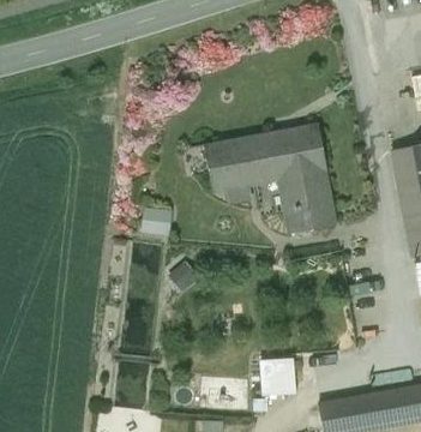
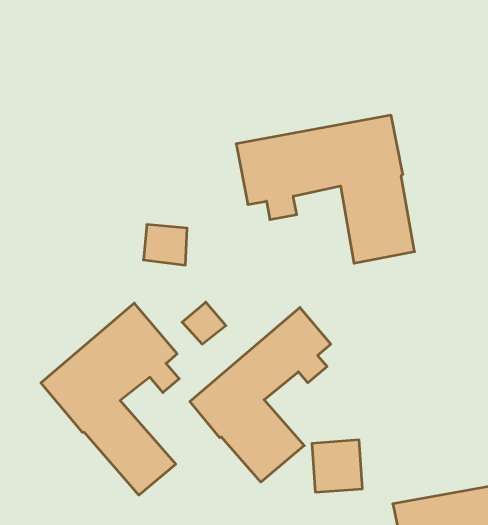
building: none -> [41,303,179,495]
building: none -> [190,307,331,482]

